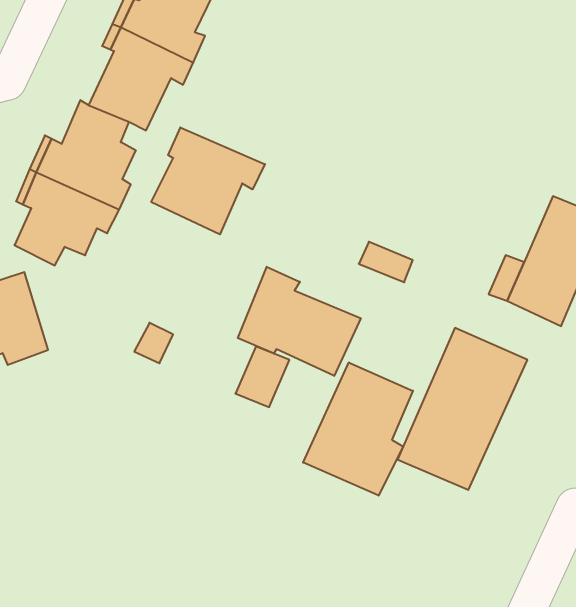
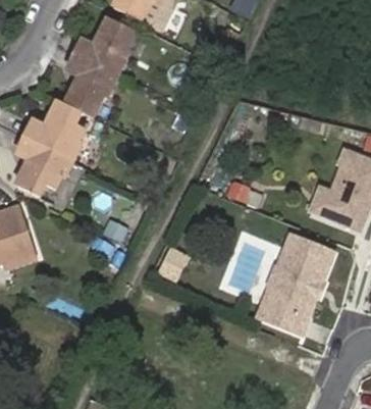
building: [151,127,265,234] -> none
building: [238,267,361,376] -> none
building: [303,362,413,496] -> none

